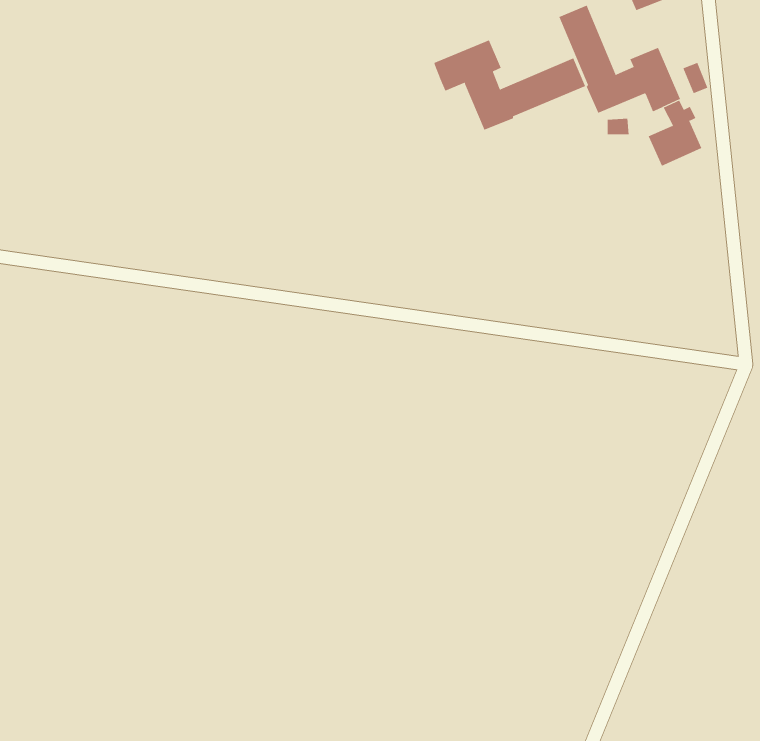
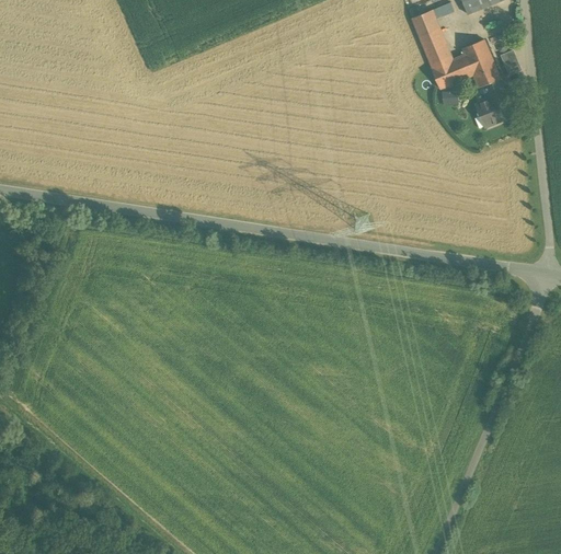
building: [433,39,586,131] -> none

